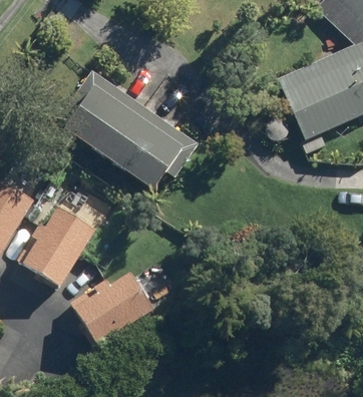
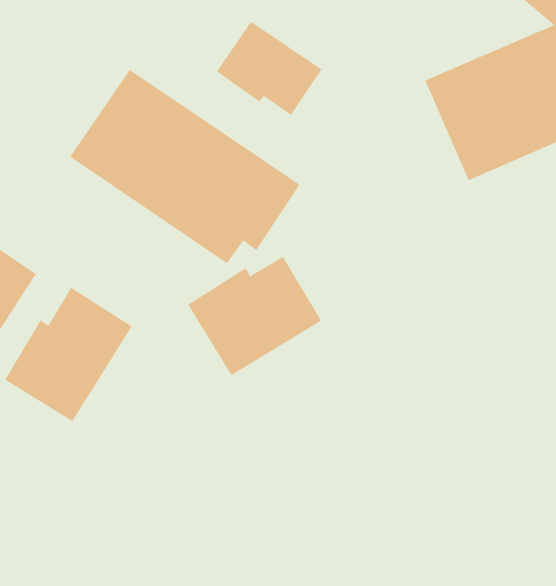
building: none -> [216,21,322,116]
building: [71,272,154,346] -> [187,256,322,376]

